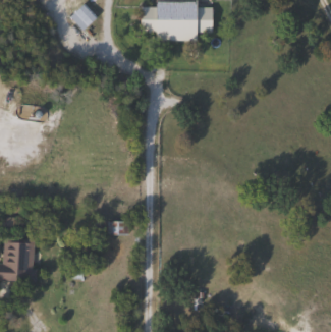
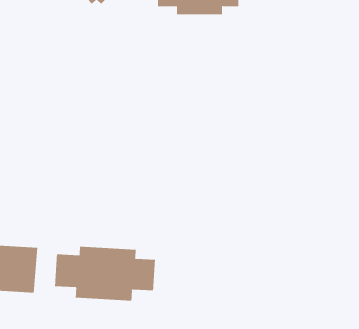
building: none -> [55,246,156,302]

